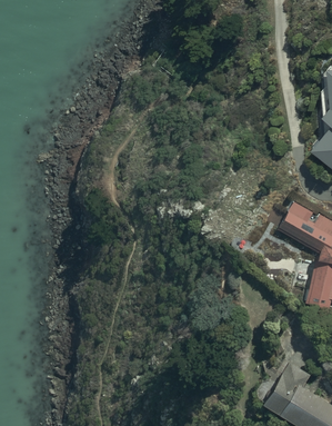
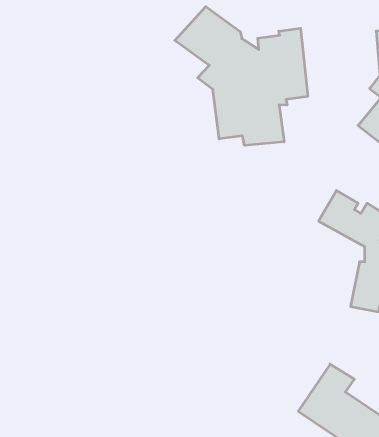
building: none -> [175,7,308,145]

